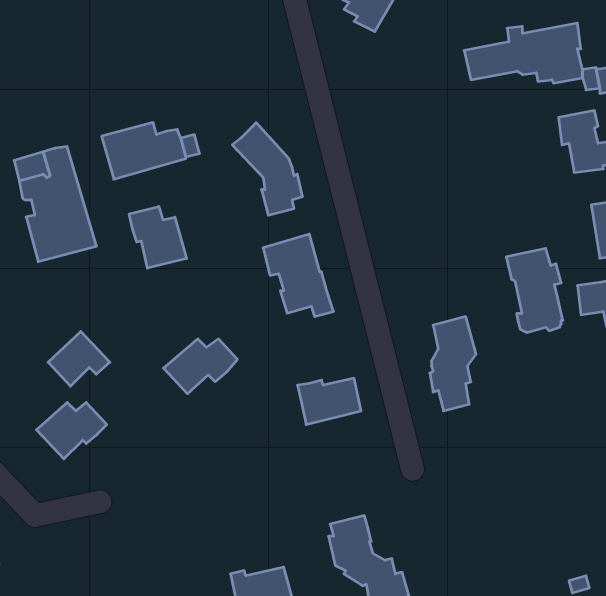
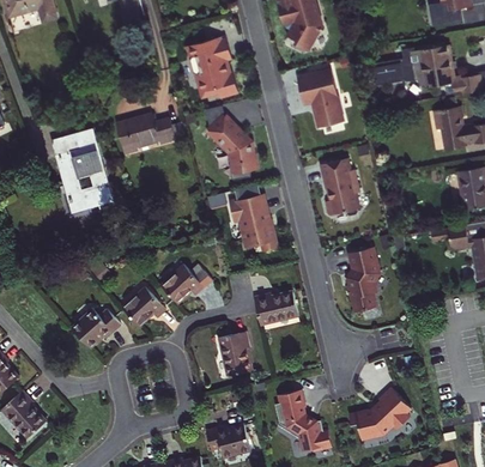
building: none -> [188,35,236,93]
building: none -> [295,69,341,127]
building: [129,206,187,268] -> none
building: [506,248,563,332] -> [317,158,357,217]
building: [48,331,110,386] -> [122,287,165,326]
building: none -> [219,332,250,376]
building: none -> [347,387,410,438]

